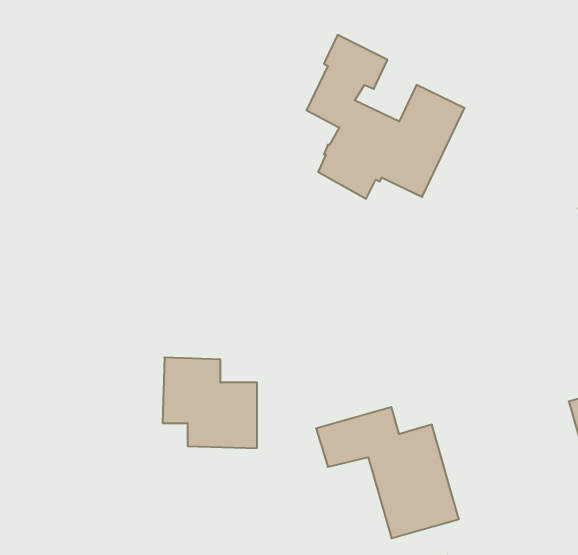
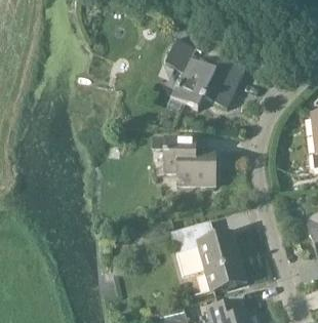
building: [163,357,257,448] -> [165,136,215,185]

